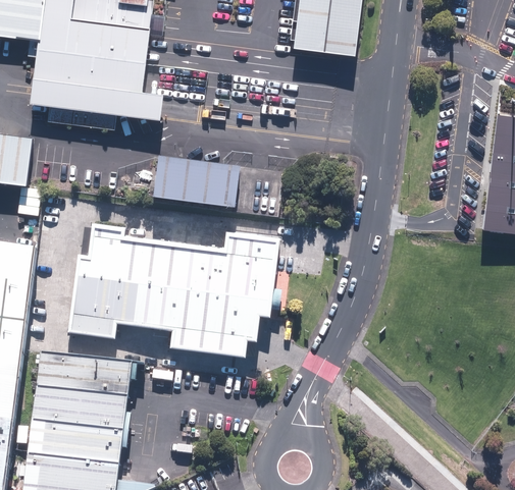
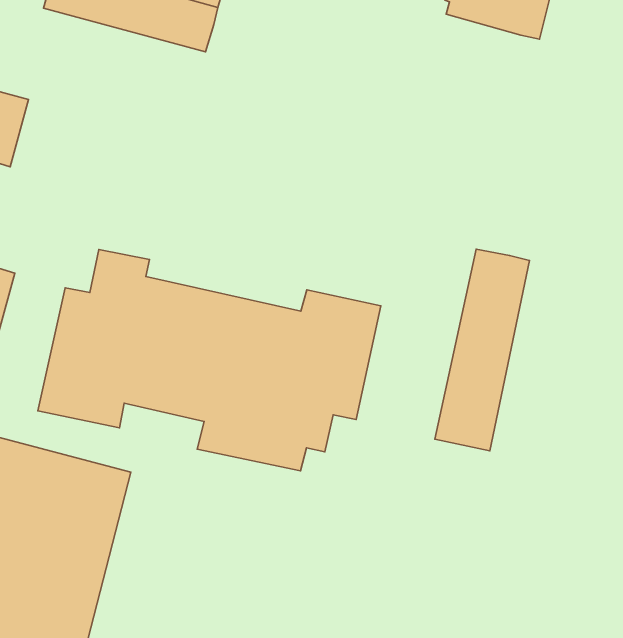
building: [30,77,162,129] -> none
building: [157,157,238,204] -> none
building: none -> [435,249,529,451]

